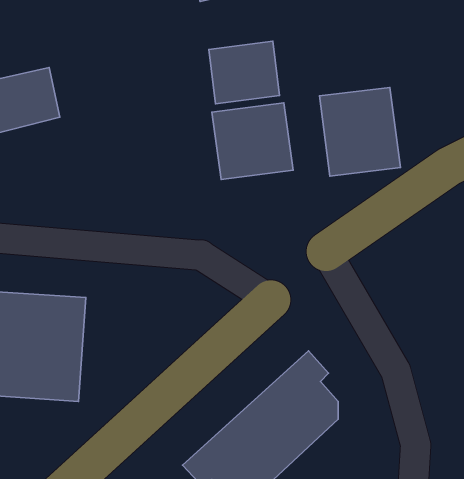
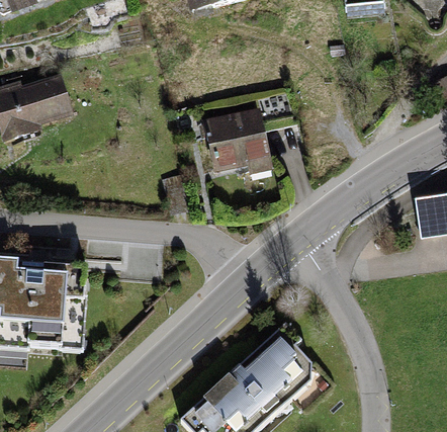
building: [209,41,279,104] -> none
building: [319,87,400,176] -> none

